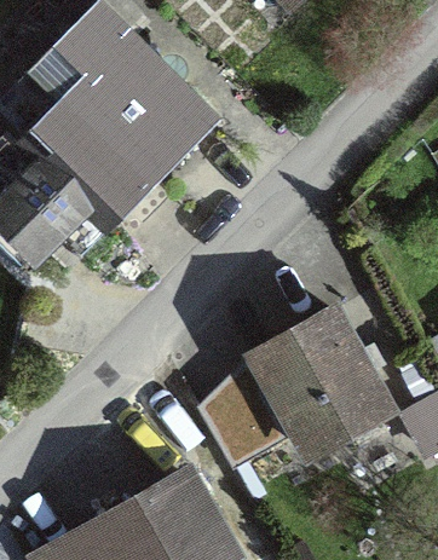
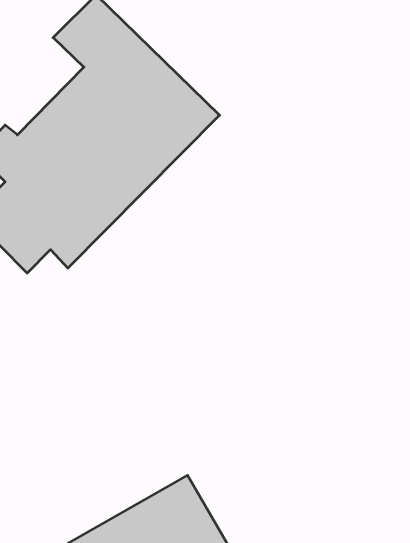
building: [202,306,391,462] -> none

